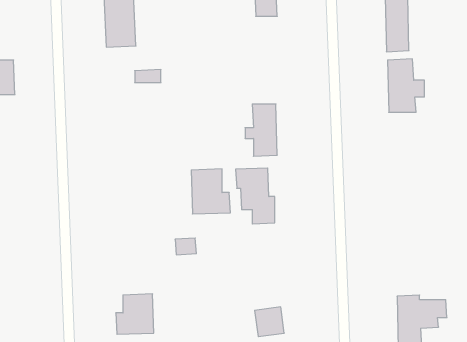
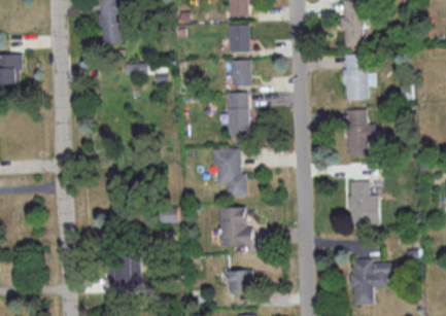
building: none -> [229,25,250,52]
building: none -> [231,60,251,86]
building: none -> [346,109,380,156]
building: [191,169,230,214] -> [219,207,253,246]
building: none -> [349,181,379,226]

